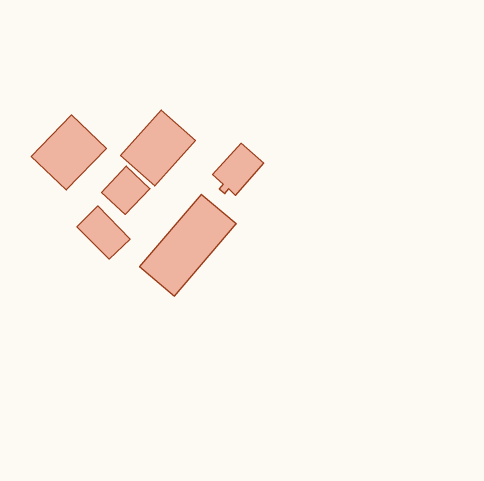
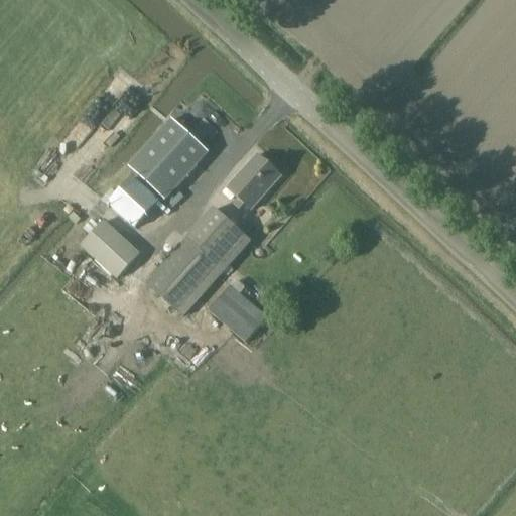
building: [31,115,106,190] -> none
building: none -> [210,286,266,342]

